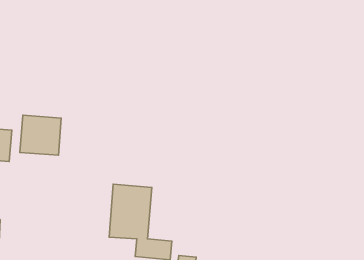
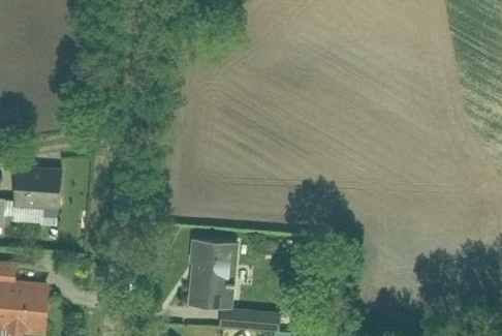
building: [20,115,61,155] -> none

